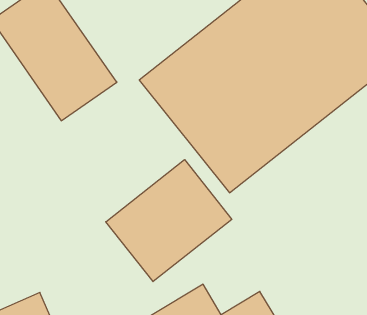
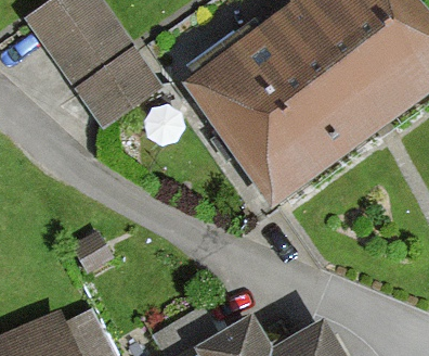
building: [106,160,232,282] -> none

